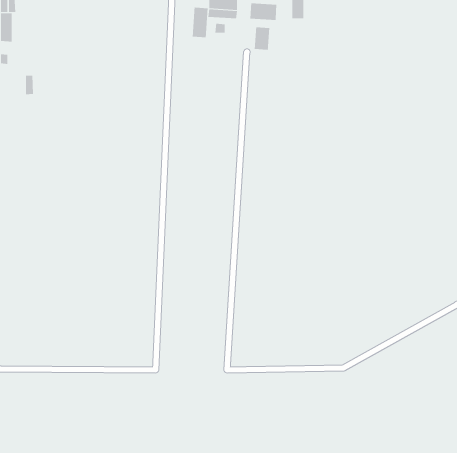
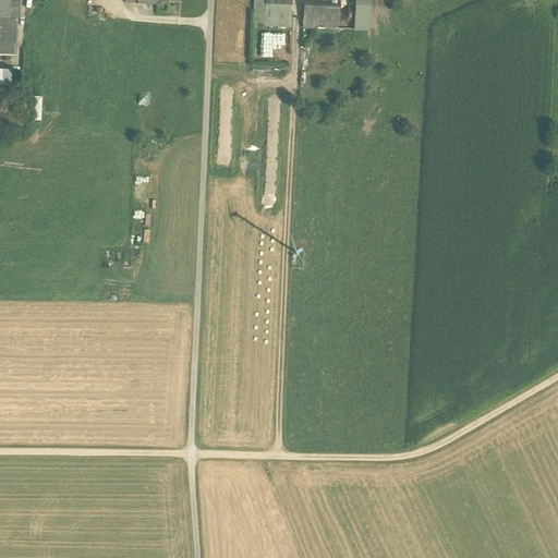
building: [192,7,208,38] -> none
building: [254,26,270,51] -> none

